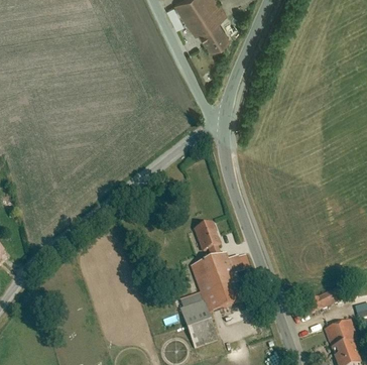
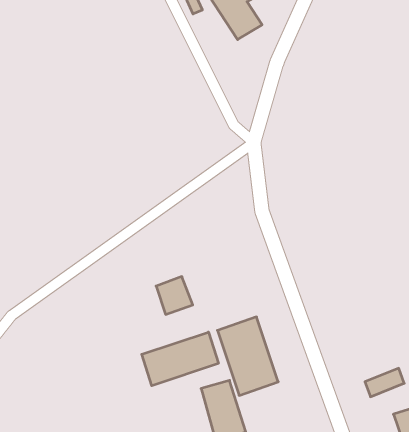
building: [191,225,218,253] -> [156,277,193,314]
building: none -> [142,332,218,386]

